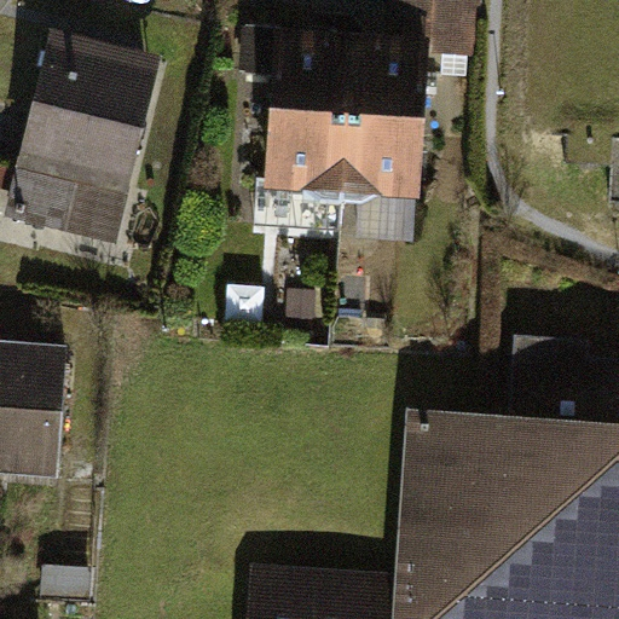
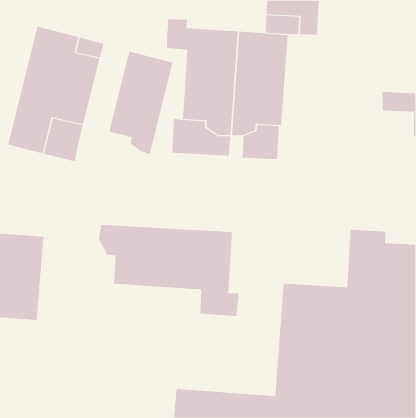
building: none -> [109,51,173,155]
building: none -> [99,224,239,317]

